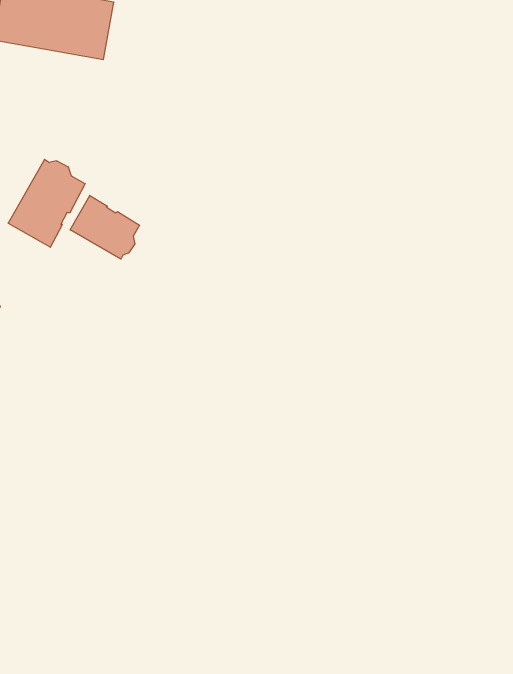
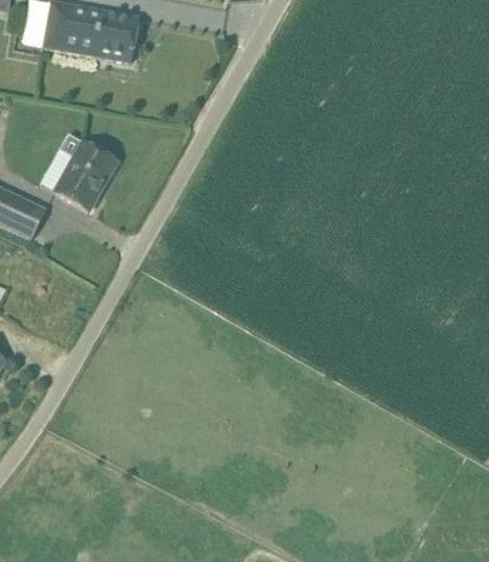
building: [70,195,140,259] -> none

